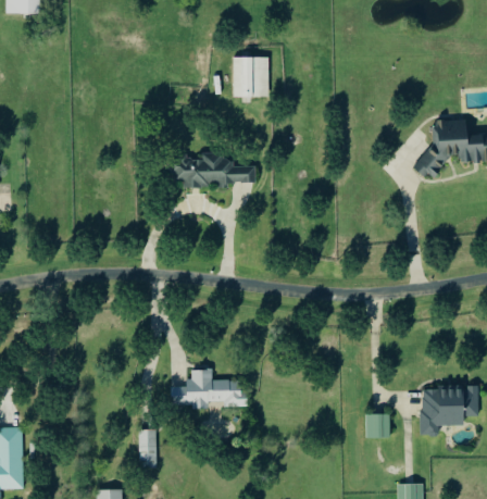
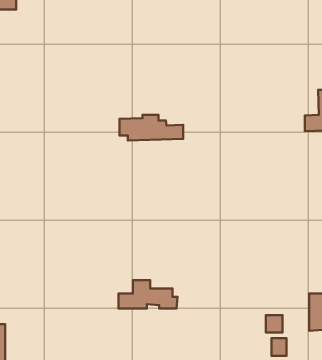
building: [233,58,267,98] -> none
building: [138,431,155,470] -> none
building: none -> [272,338,287,356]

